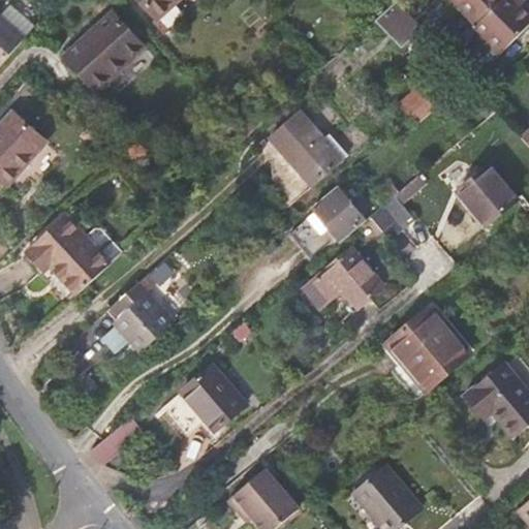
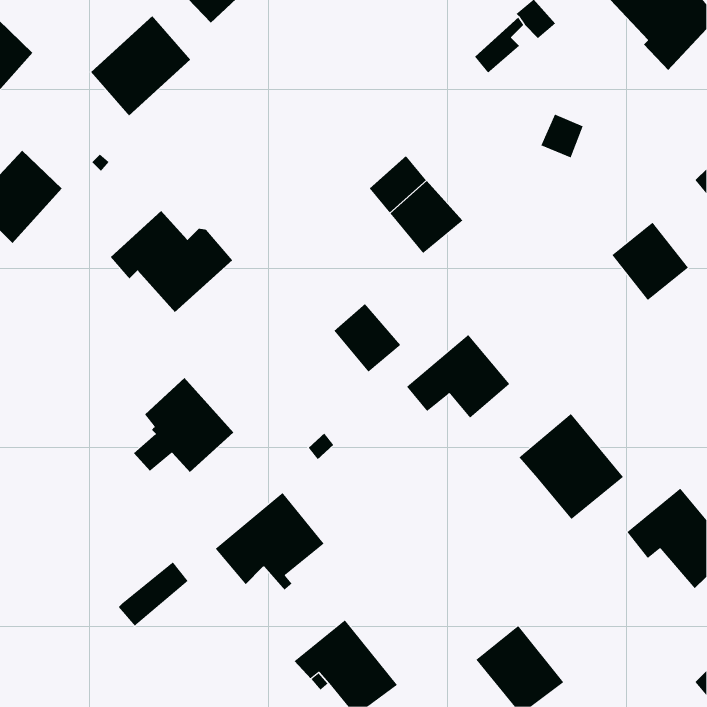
building: [369,176,424,241] -> none
building: [314,189,365,241] -> [333,303,401,373]
building: [28,216,120,292] -> [110,210,233,313]

